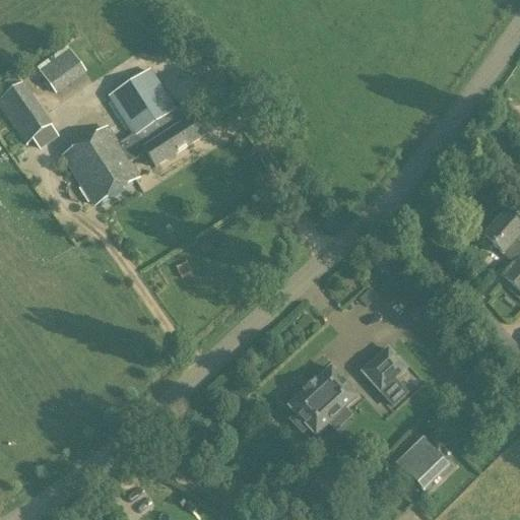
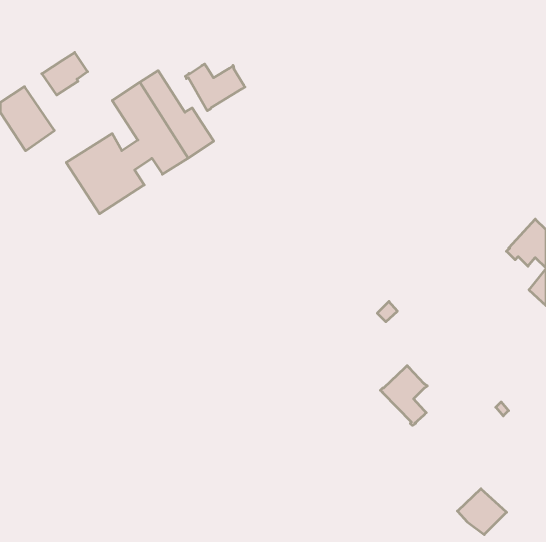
building: none -> [185,64,245,111]
building: [288,366,358,434] -> none
building: [400,442,447,485] -> [457,489,507,535]

